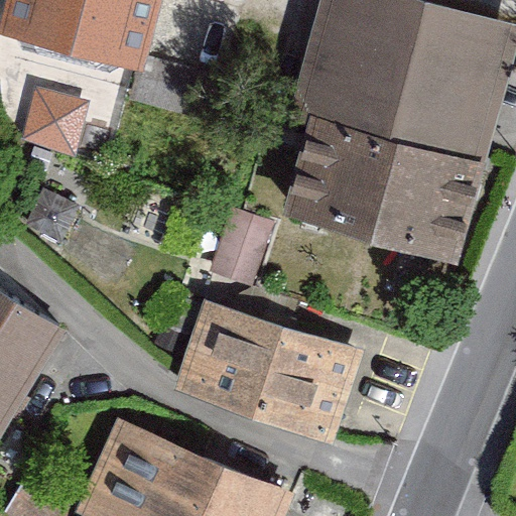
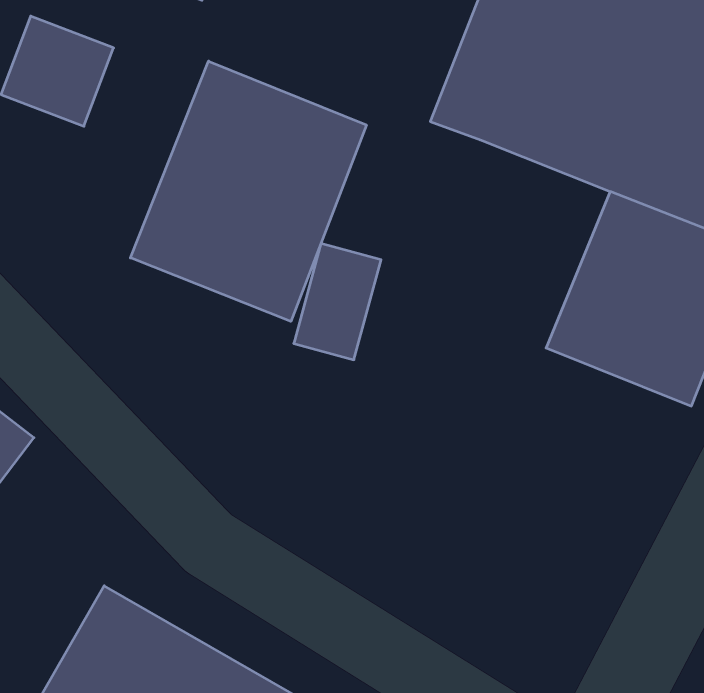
building: none -> [130,61,366,321]
building: [287,128,399,252] -> none
building: [189,290,360,435] -> none

